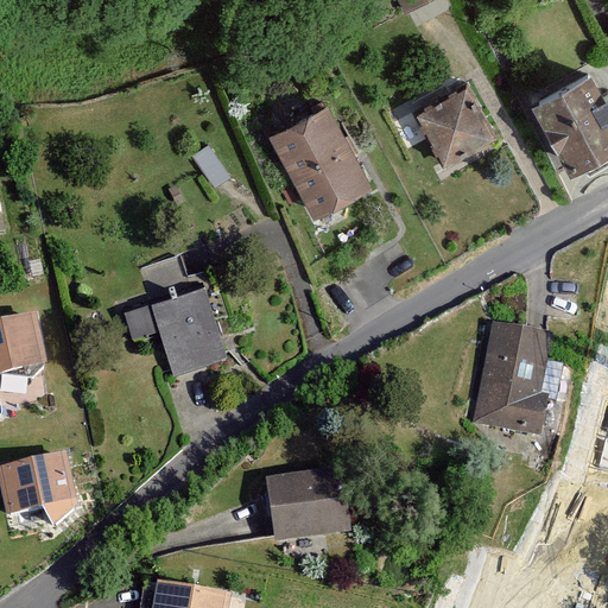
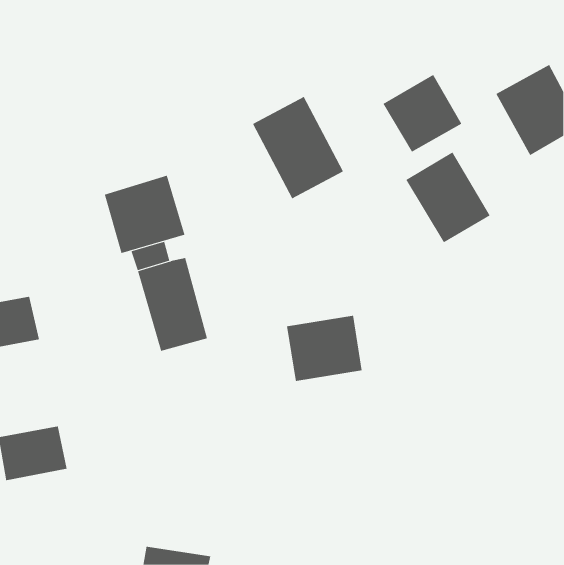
building: none -> [406,152,490,243]
building: none -> [104,175,185,254]
building: [473,327,562,436] -> none
building: [266,471,348,543] -> [286,315,363,381]

